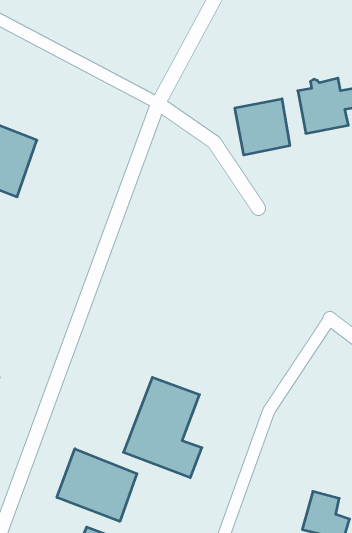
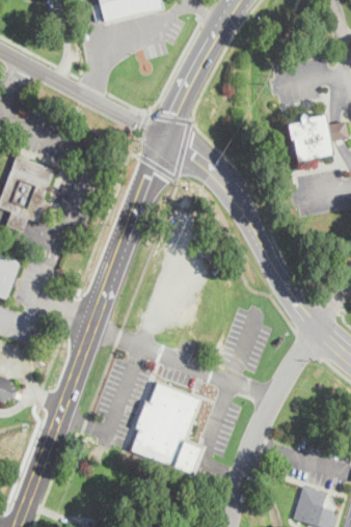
building: [235,99,290,155] -> none
building: [57,449,137,521] -> none

